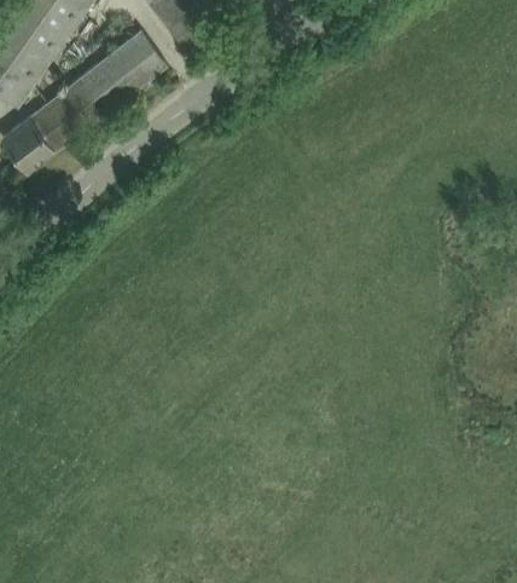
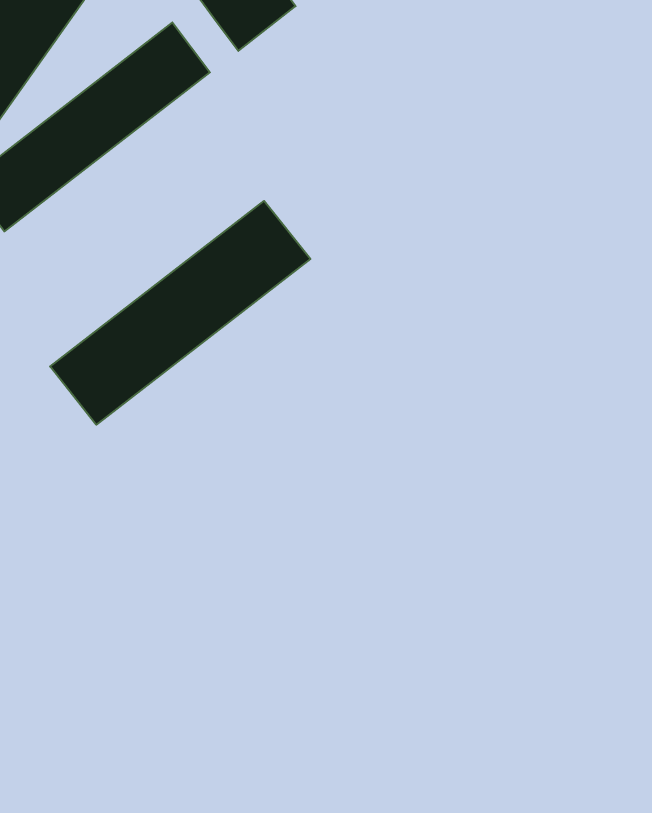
building: none -> [50,201,310,425]

